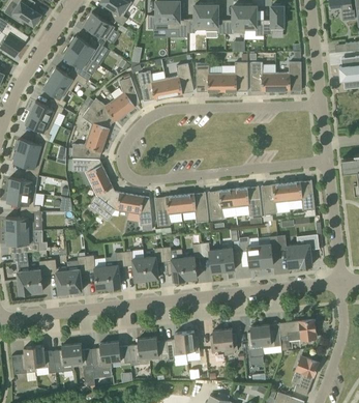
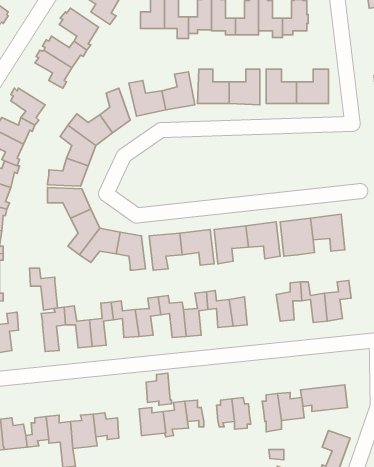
building: [48,67,82,91] -> none
building: [238,236,261,268] -> none
building: [47,260,69,294] -> [29,268,57,310]
building: [128,339,149,365] -> [146,373,172,405]

